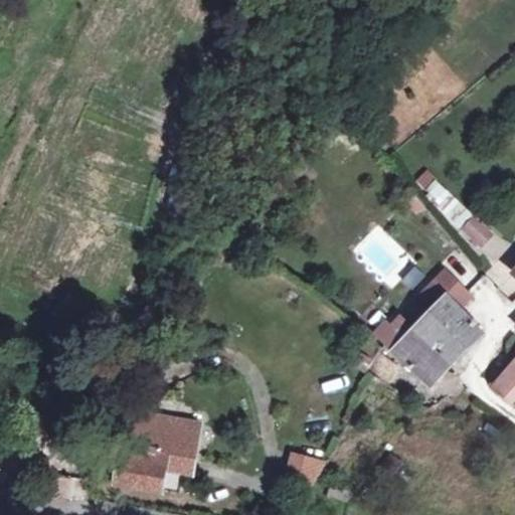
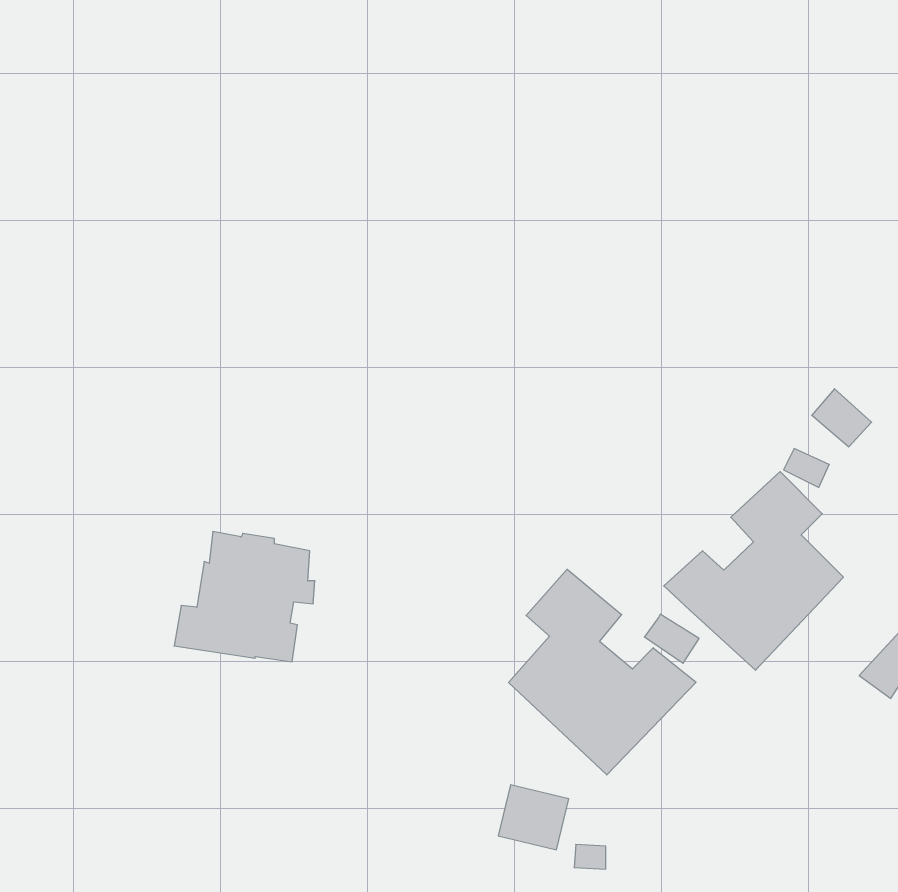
building: none -> [509,569,696,775]
building: [114,412,194,487] -> [174,532,315,662]

